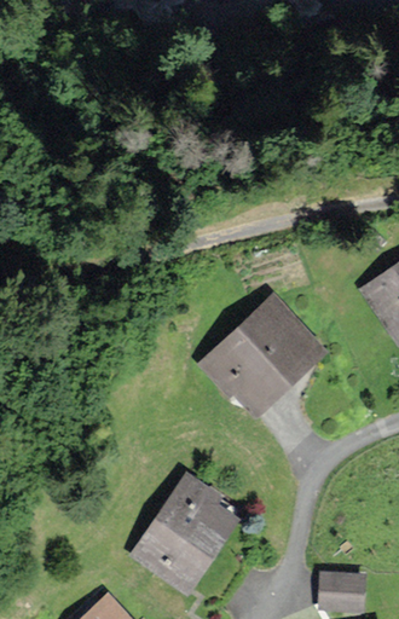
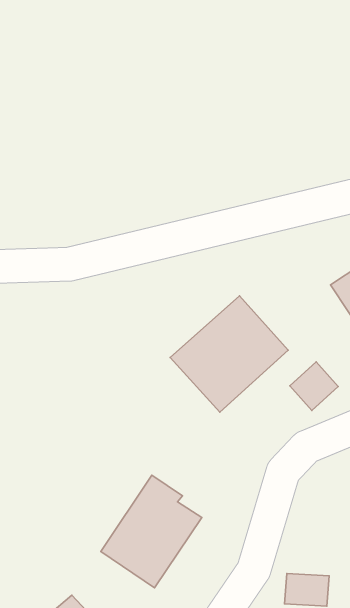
building: none -> [290,362,338,411]

